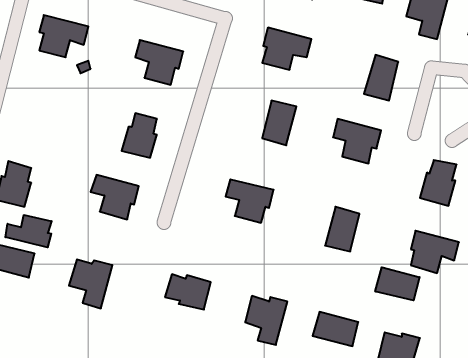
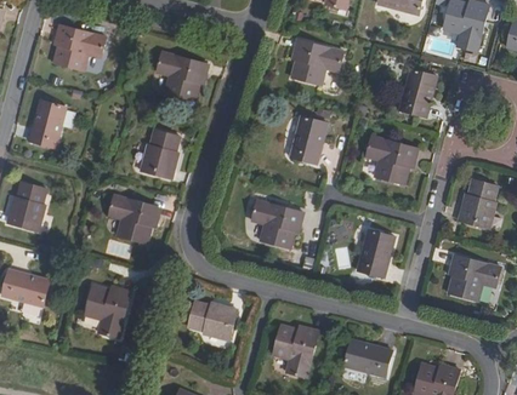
building: none -> [29,99,66,147]
building: [5,215,52,247] -> none
building: [375,267,420,300] -> none

